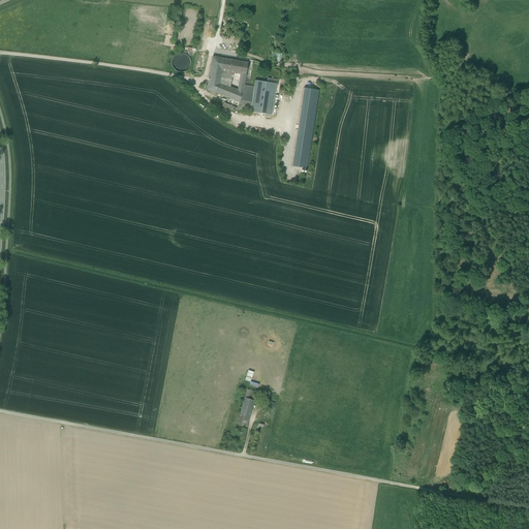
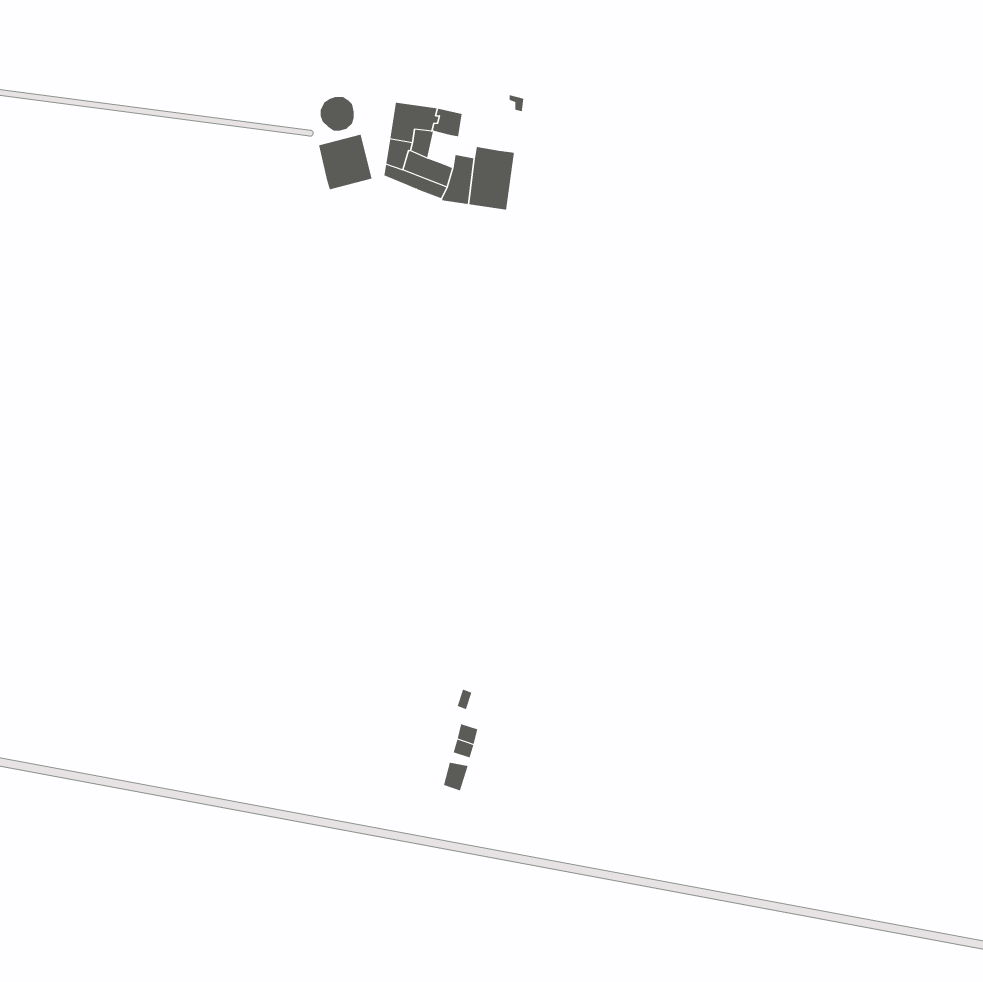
building: none -> [318,134,372,190]
building: [292,86,319,166] -> none

